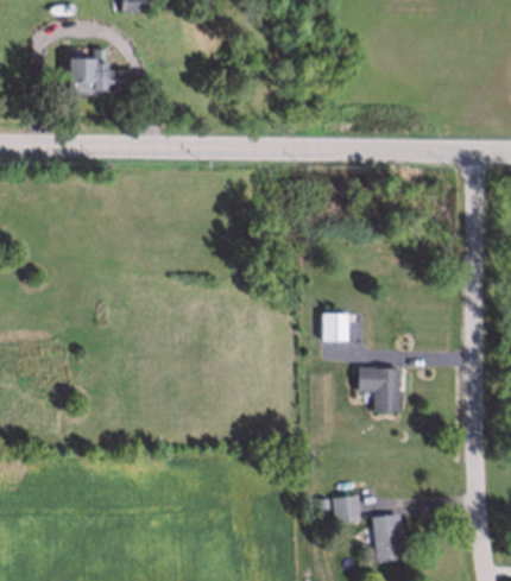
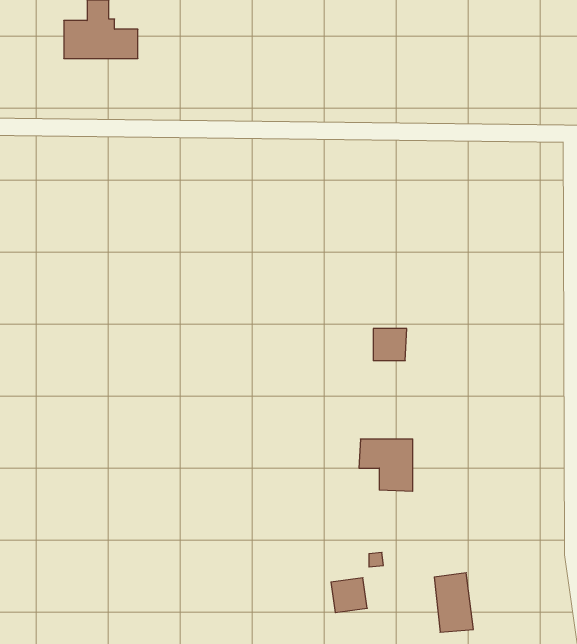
building: [357,368,400,411] -> [359,439,413,491]
building: [332,494,361,523] -> [331,578,367,613]

